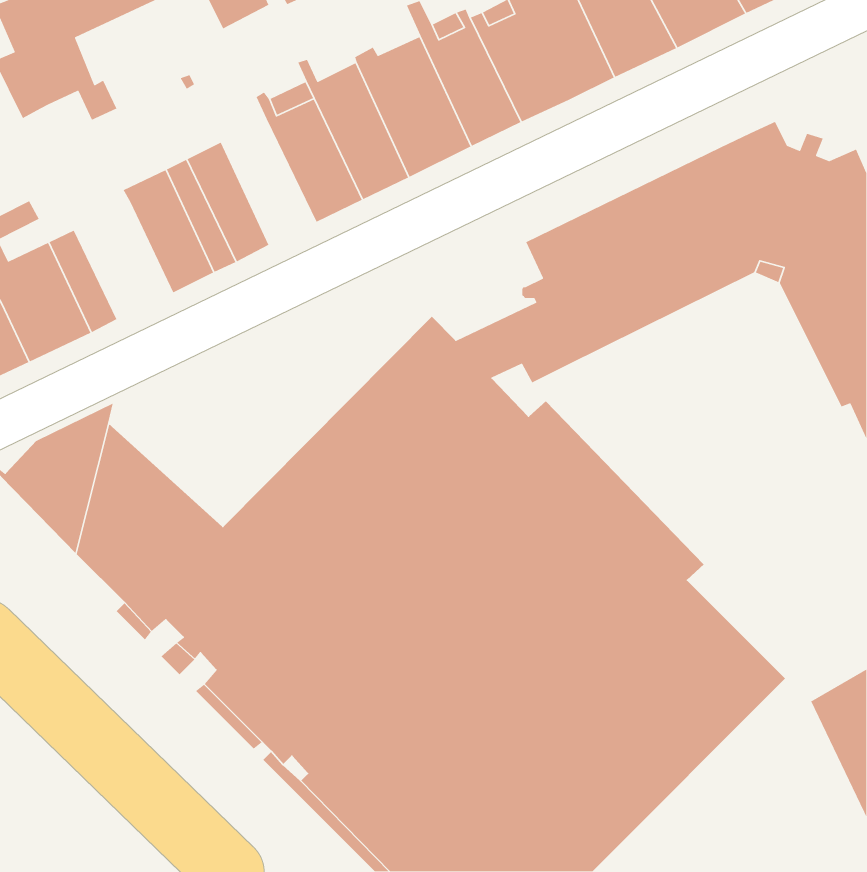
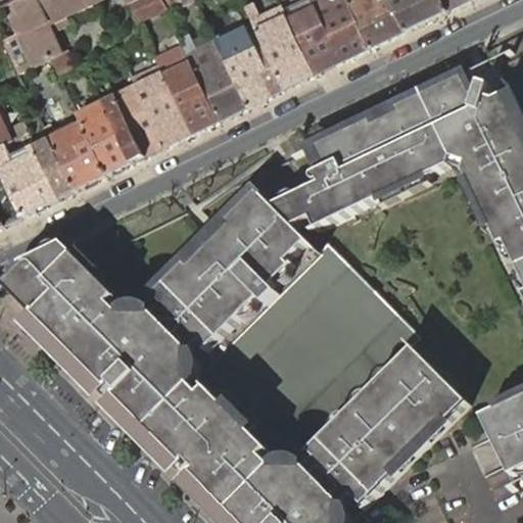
building: none -> [127,70,187,145]
building: none -> [39,120,102,189]

